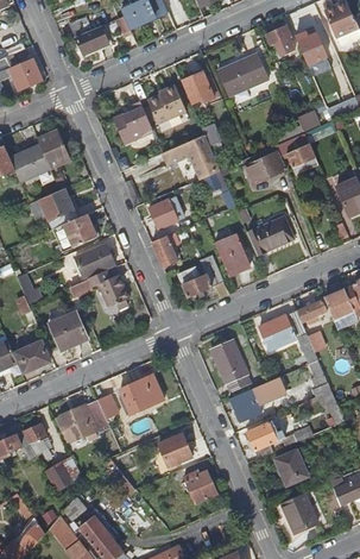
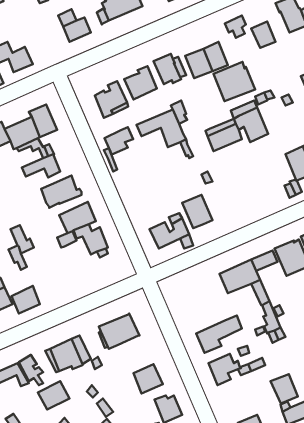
building: none -> [214,62,255,101]
building: [149,195,182,227] -> [105,127,133,154]
building: [247,218,291,253] -> none
building: [152,232,177,266] -> none
building: [48,312,87,351] -> none
building: [210,339,250,390] -> none
building: [274,450,307,484] -> [271,374,298,403]

